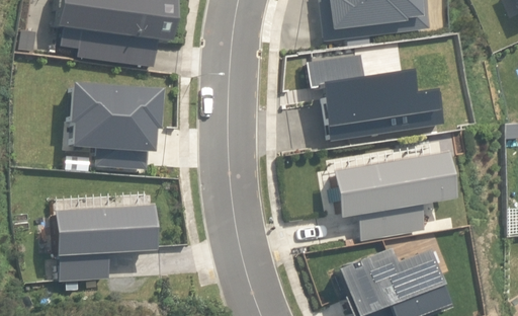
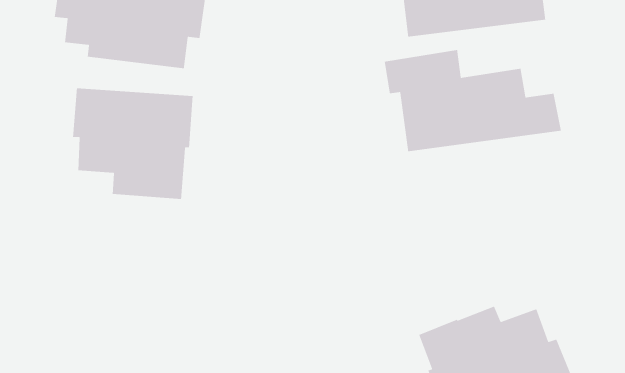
building: [333,152,454,240] -> none
building: [54,205,156,280] -> none

